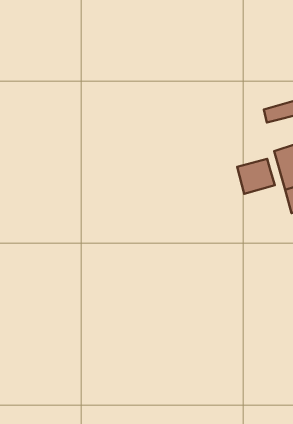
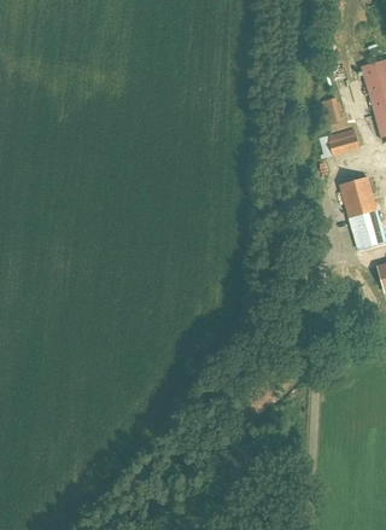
building: [237,159,275,194] -> none

